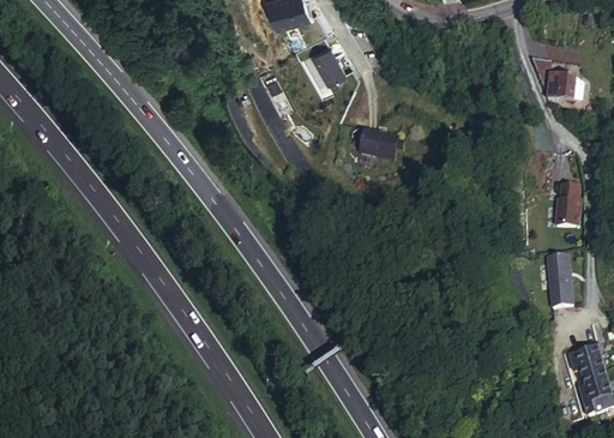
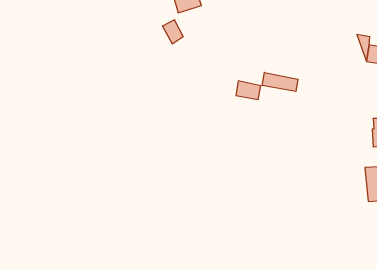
building: [307,49,338,85] -> [162,20,183,44]
building: none -> [262,72,298,91]

